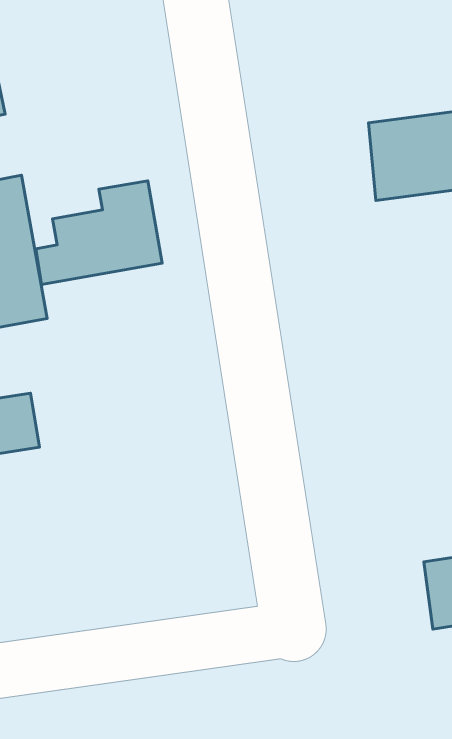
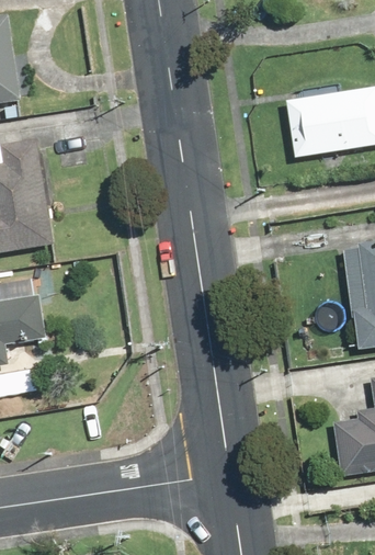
building: [36,181,162,284] -> none

